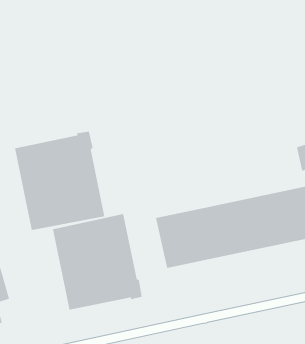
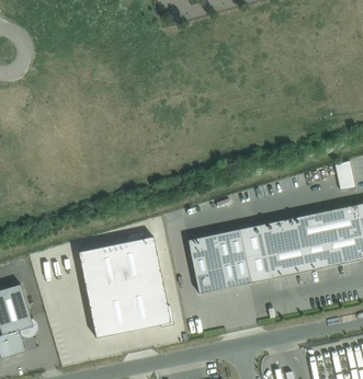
building: [15,131,105,231] -> none

